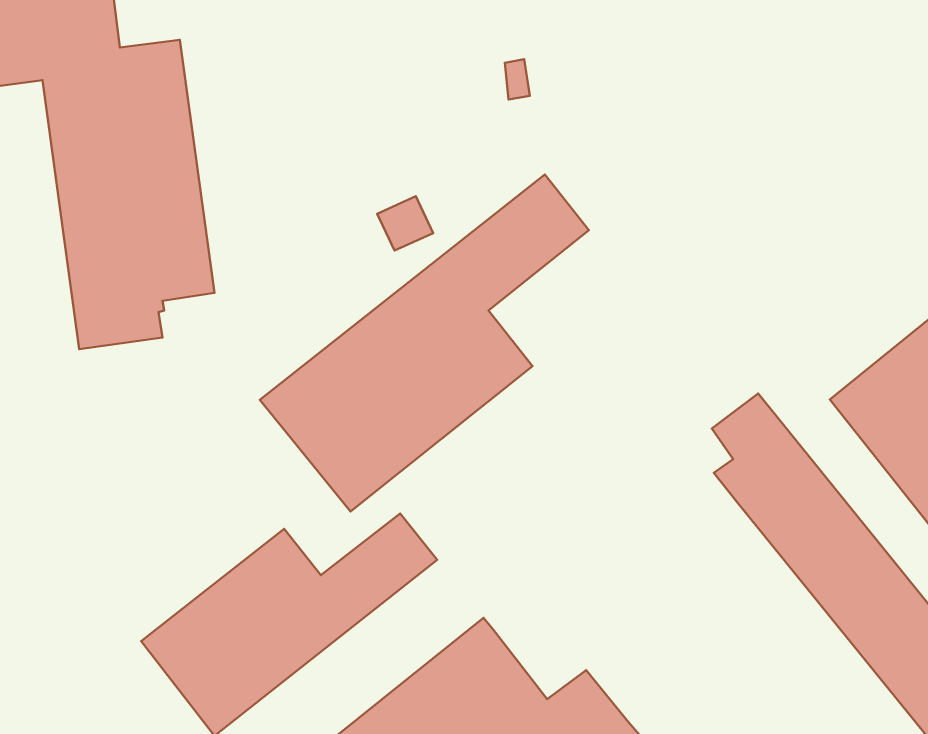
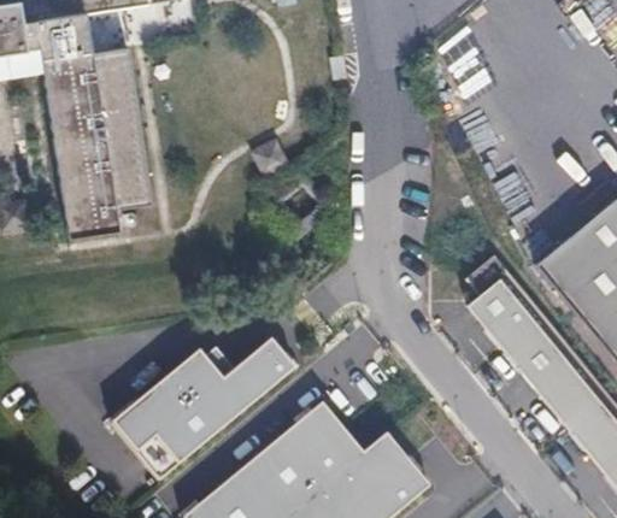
building: [260,174,589,512] -> none

